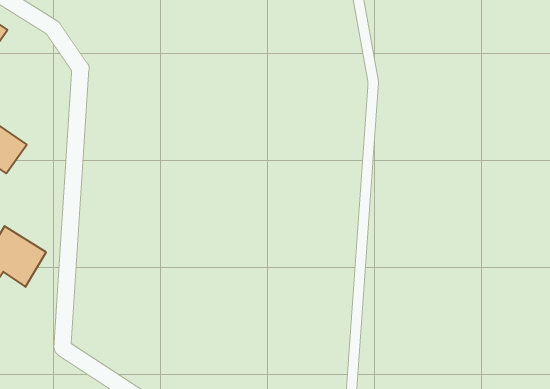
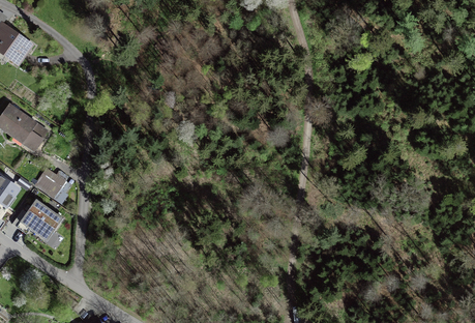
building: none -> [37,170,67,200]

